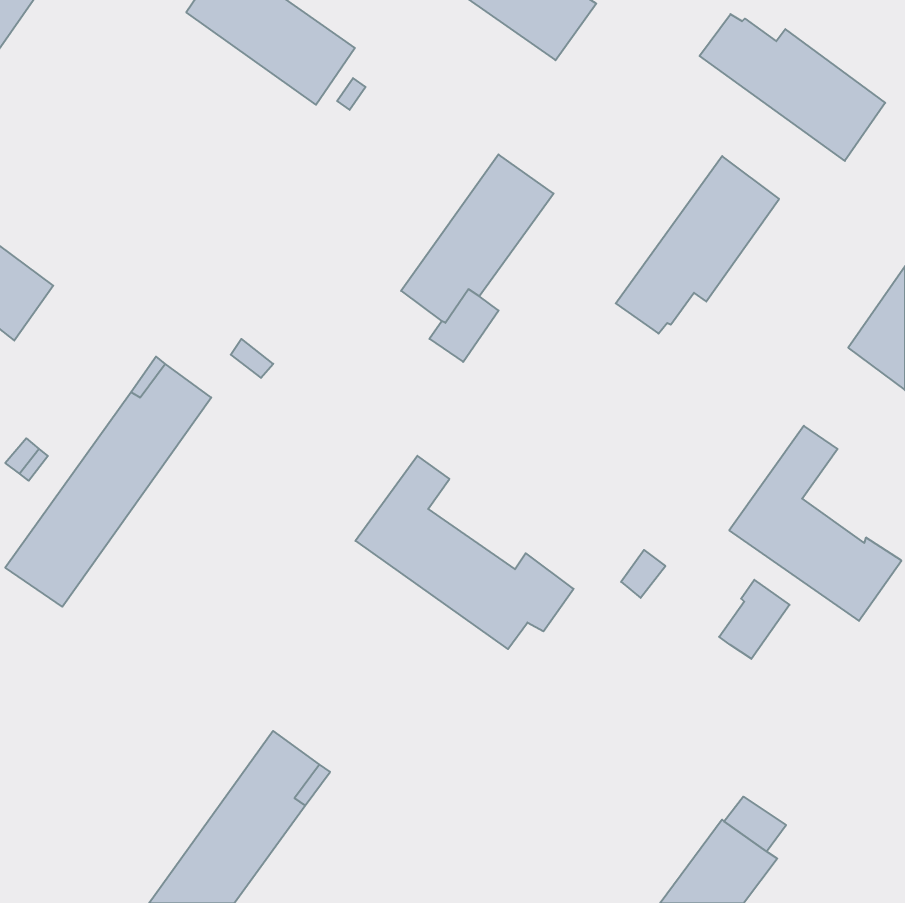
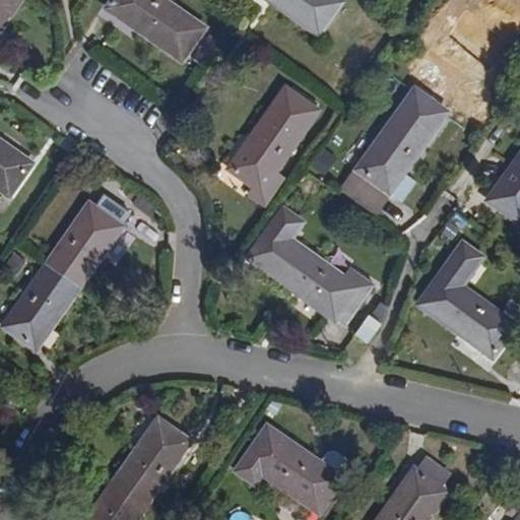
building: [700,14,885,161] -> none
building: none -> [341,174,390,212]
building: [355,456,574,649] -> [249,208,374,319]
building: [719,580,790,659] -> none
building: none -> [235,425,348,511]

